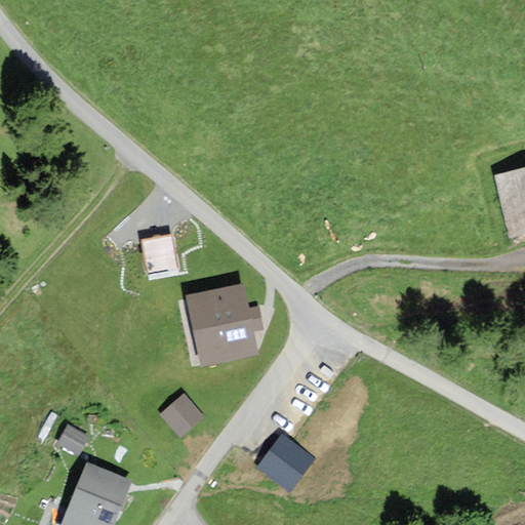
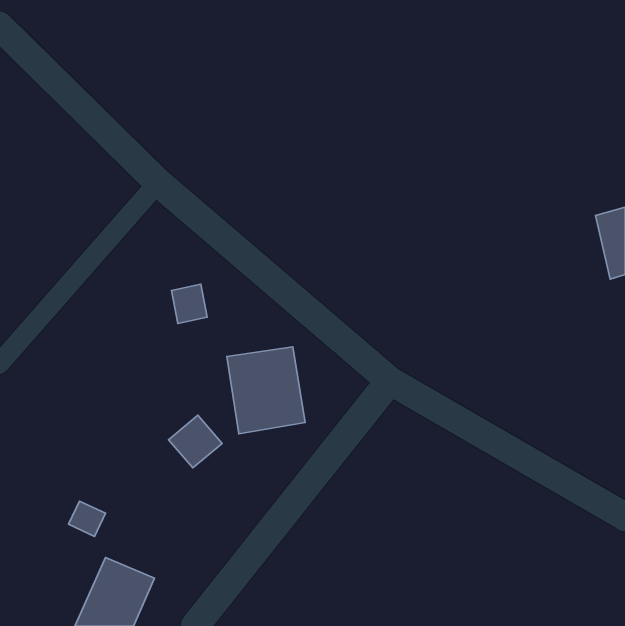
building: [159,394,204,438] -> [168,415,222,468]
building: [257,435,312,489] -> none

